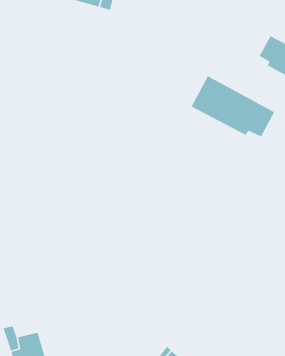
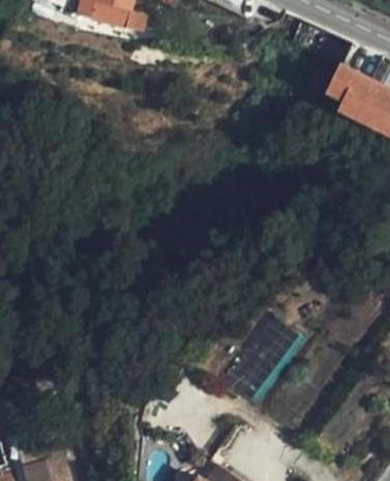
building: [190,75,275,138] -> none

